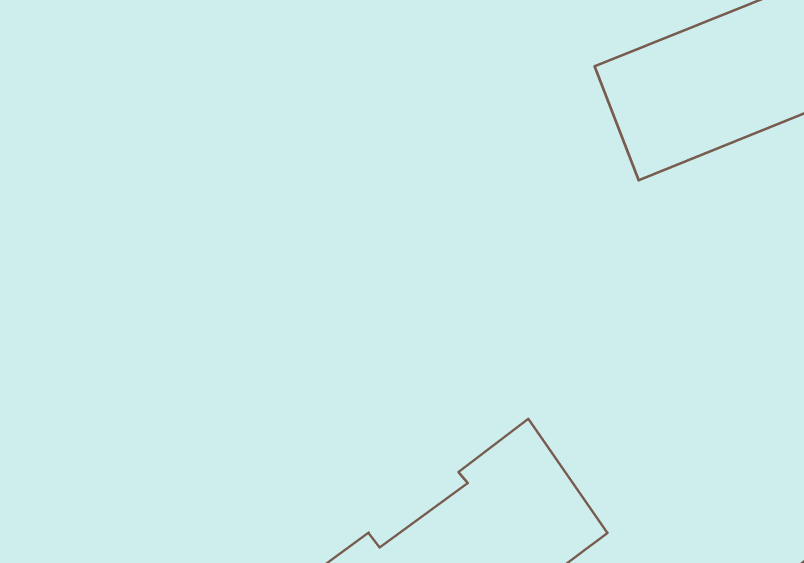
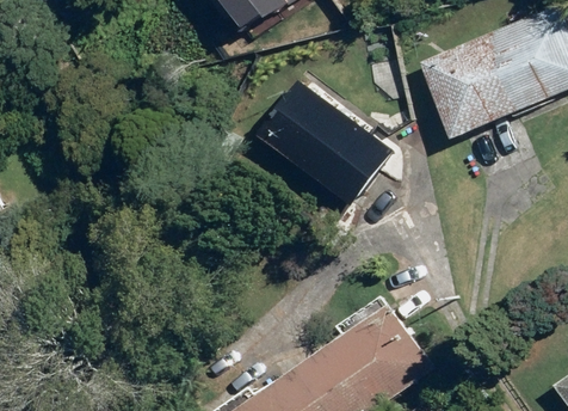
building: none -> [255,81,389,203]

